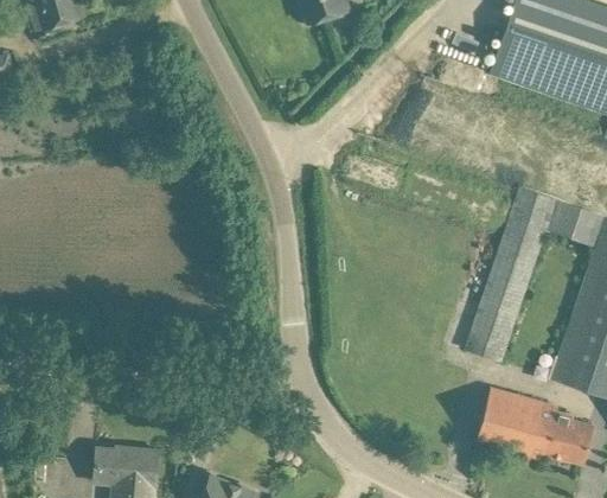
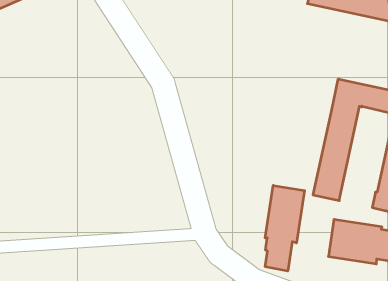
building: none -> [265,185,305,271]

